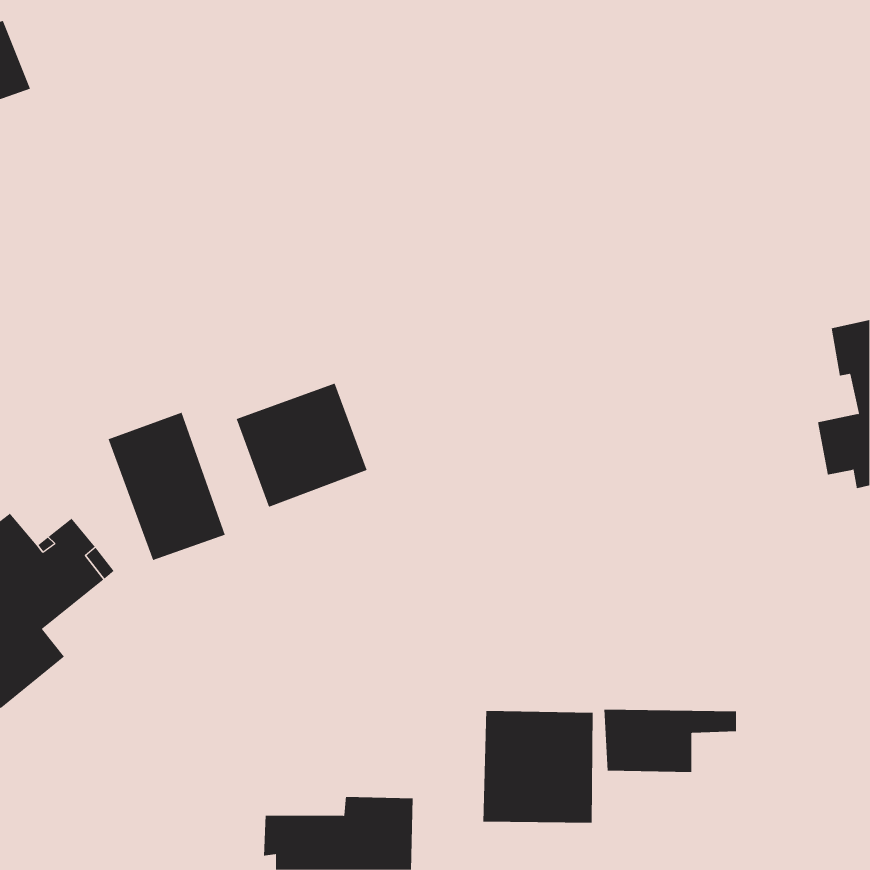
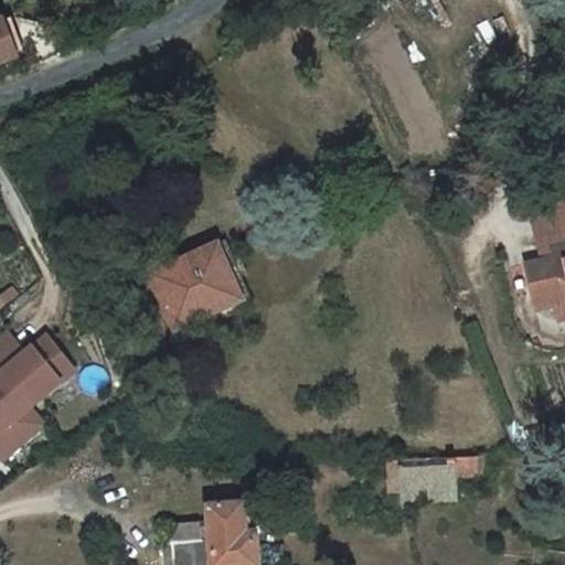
building: [108,412,226,561] -> none
building: [483,710,593,823] -> none

